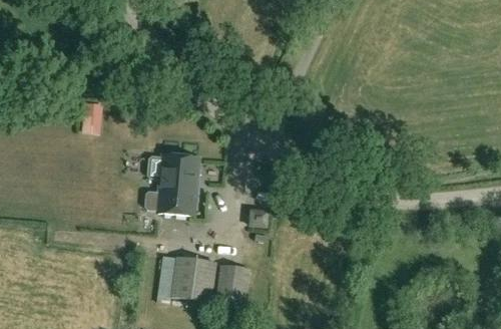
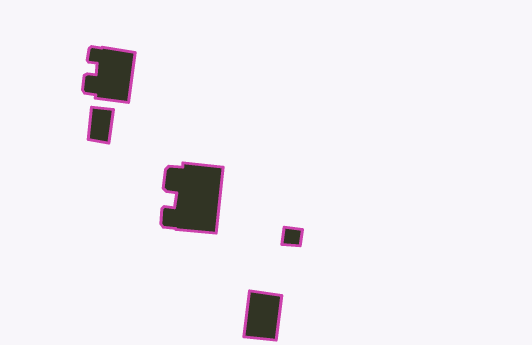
building: none -> [82,47,135,103]
building: [171,256,216,300] -> none

